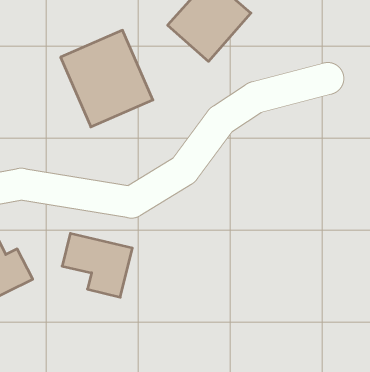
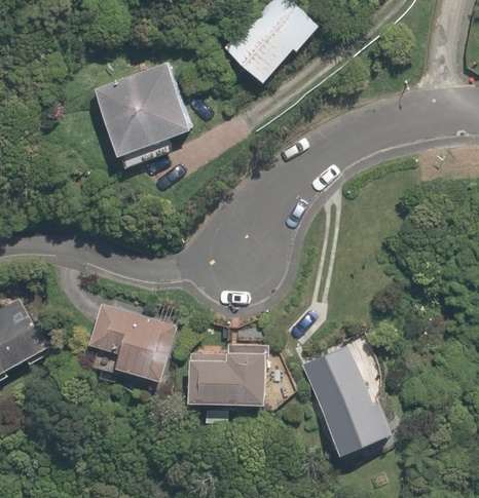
building: none -> [187,343,269,405]
building: none -> [296,343,396,460]

